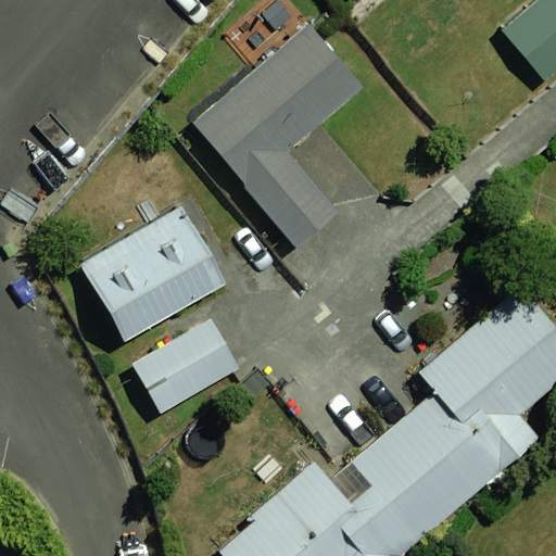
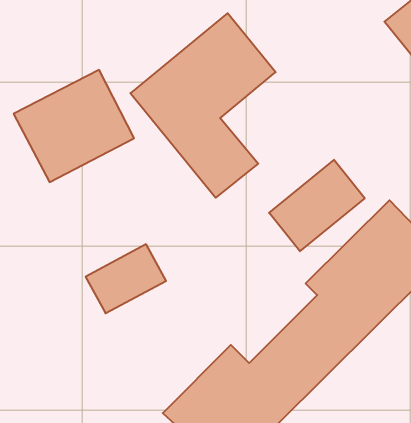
building: [71,206,228,353] -> [14,70,134,182]
building: none -> [269,160,365,251]

